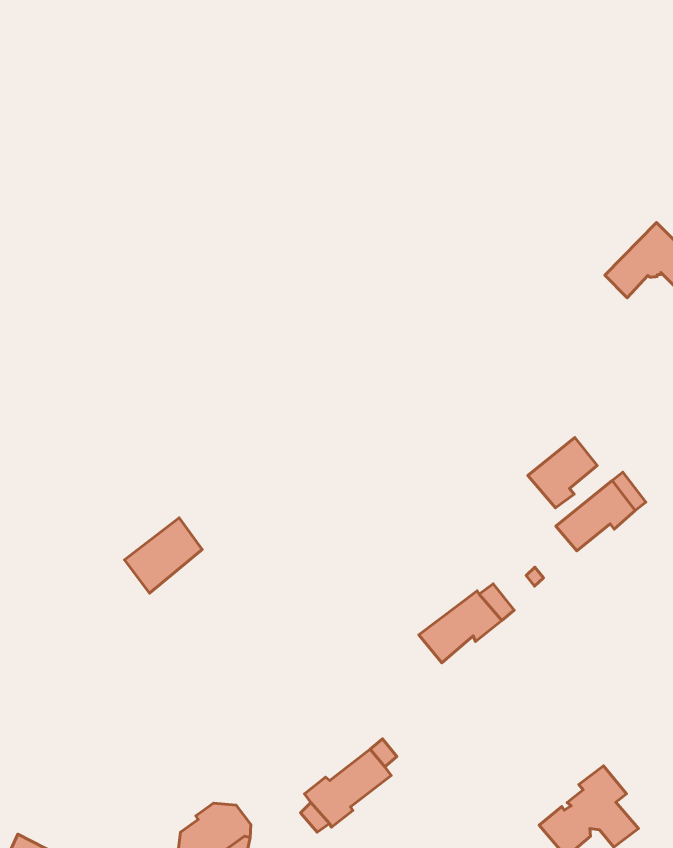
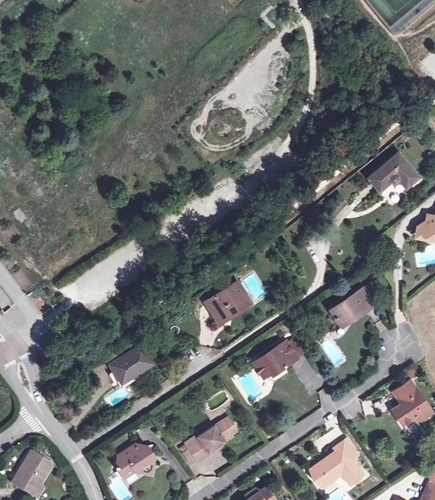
building: [528,437,597,508] -> none
building: none -> [206,282,249,327]
building: [124,518,202,593] -> [110,344,152,383]

